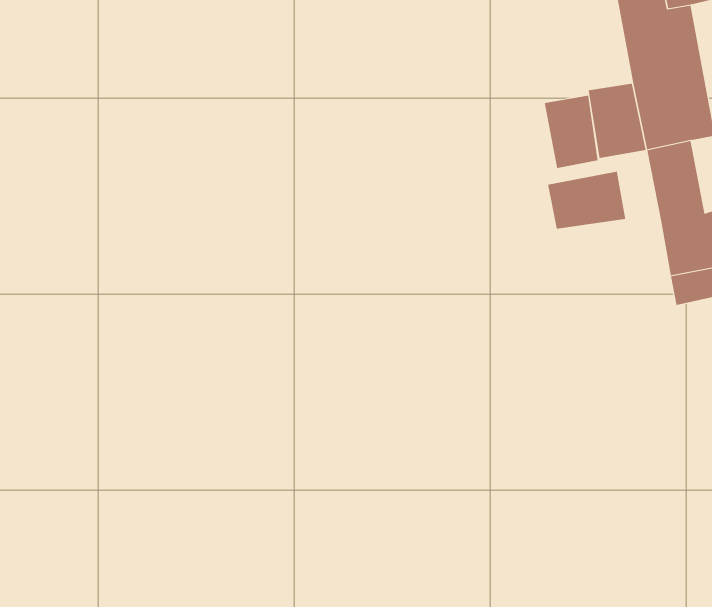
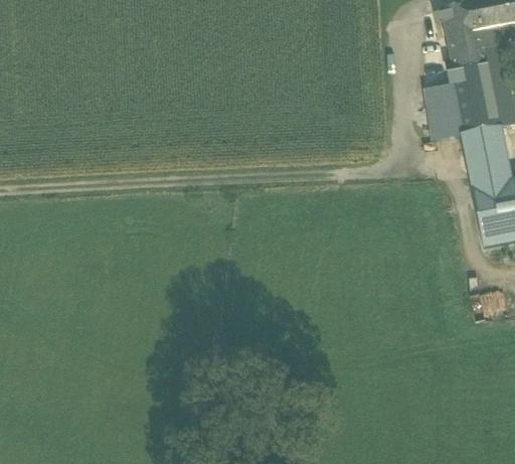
building: [544,95,598,169] -> none
building: [547,171,626,230] -> none

